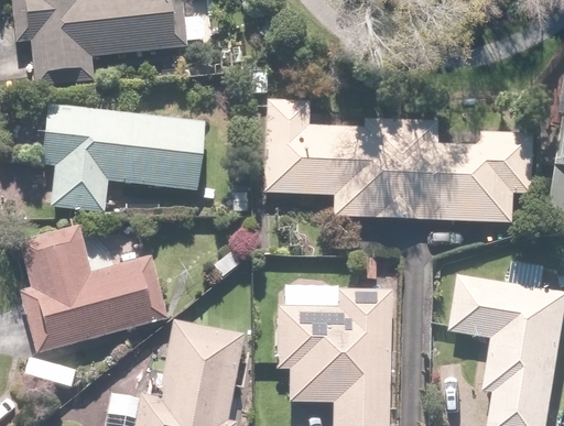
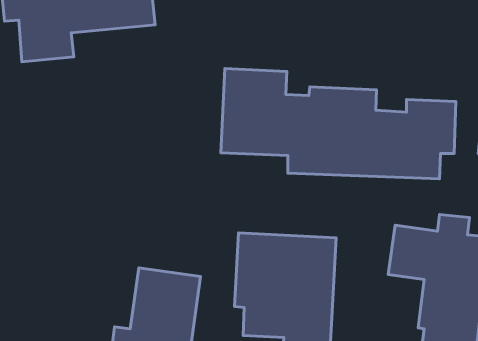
building: [41,105,203,214] -> none
building: [21,225,165,349] -> none

